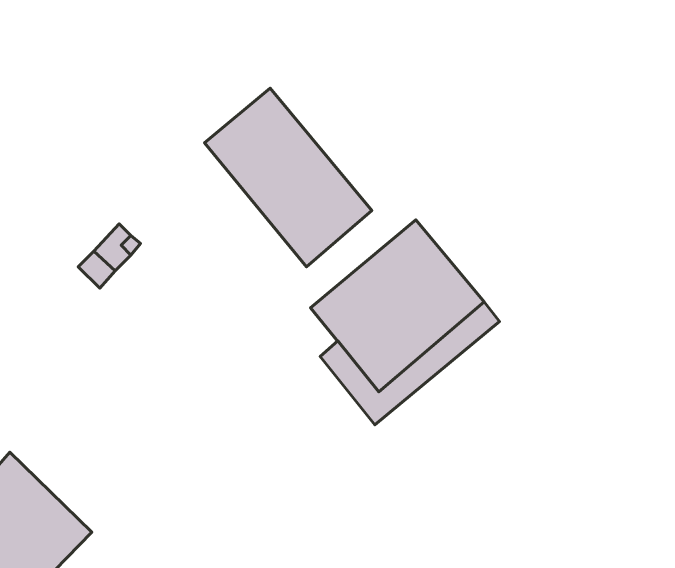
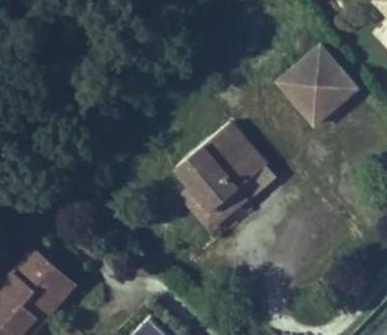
building: none -> [281,48,360,127]
building: [205,88,372,267] -> none

